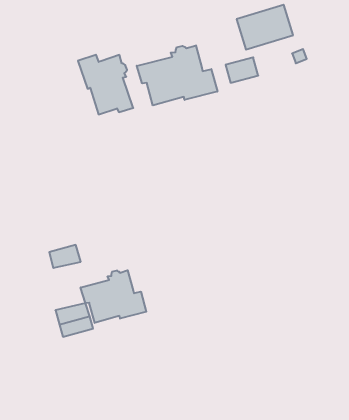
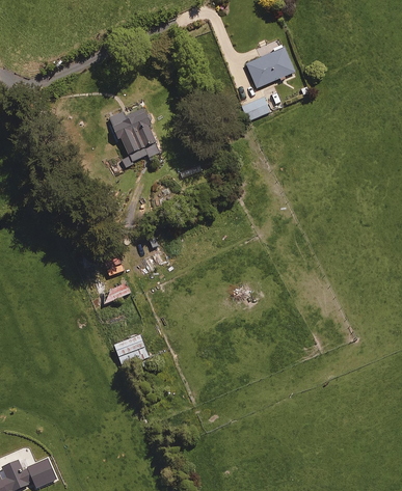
building: [137,45,217,105] -> none
building: [81,270,146,323] -> none

